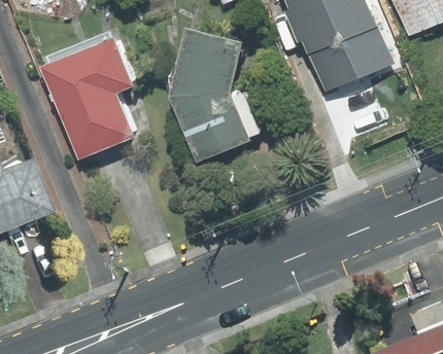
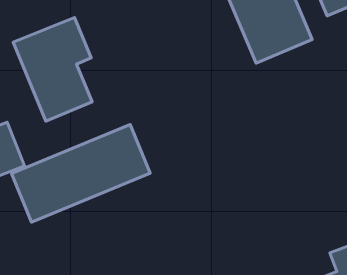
building: [169,28,261,162] -> none
building: none -> [12,125,150,222]

